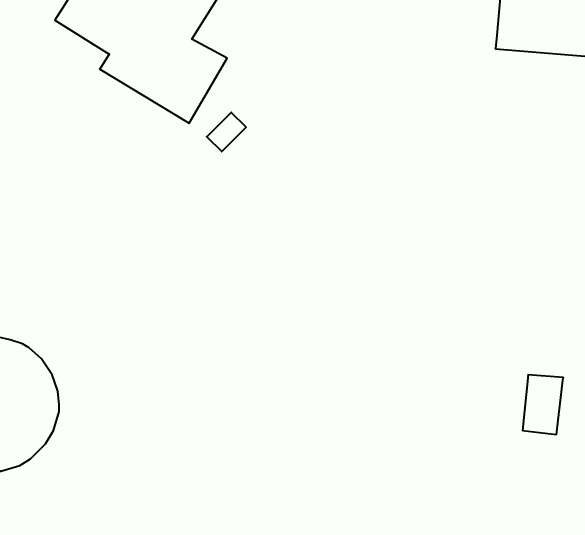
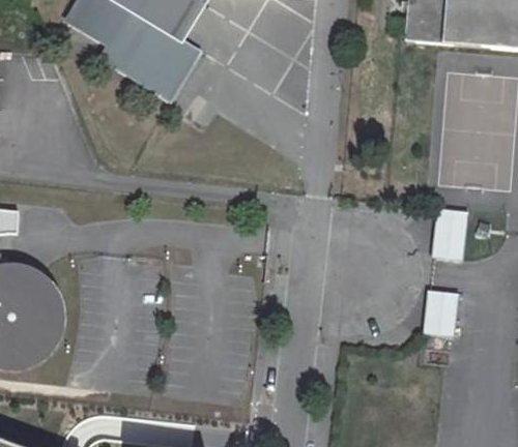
building: none -> [437,210,464,261]

